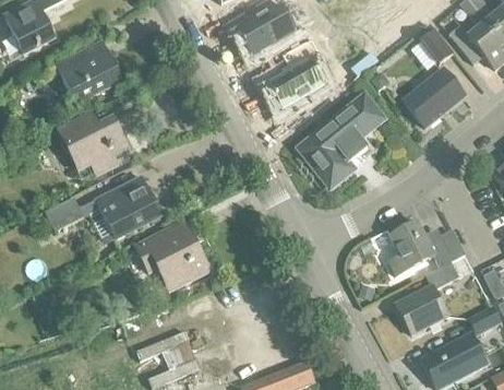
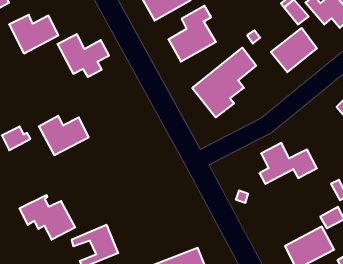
building: [58,116,127,173] -> [57,34,109,77]
building: [134,225,208,284] -> [19,195,75,240]
building: [395,261,458,334] -> none

